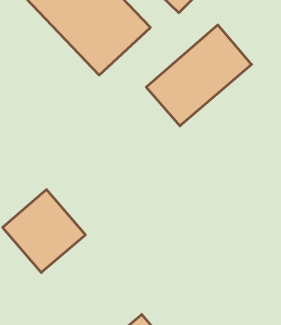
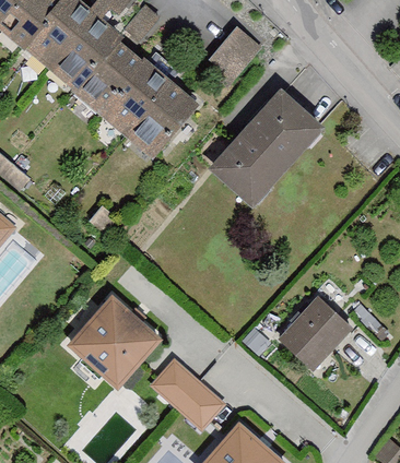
building: none -> [274,296,351,373]
building: none -> [150,360,224,430]

